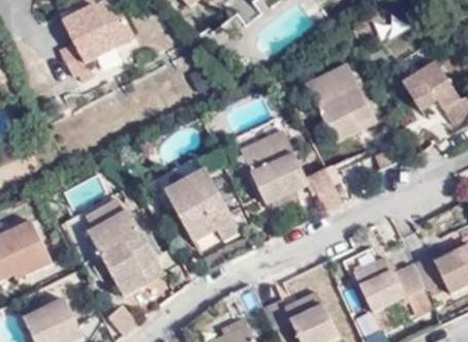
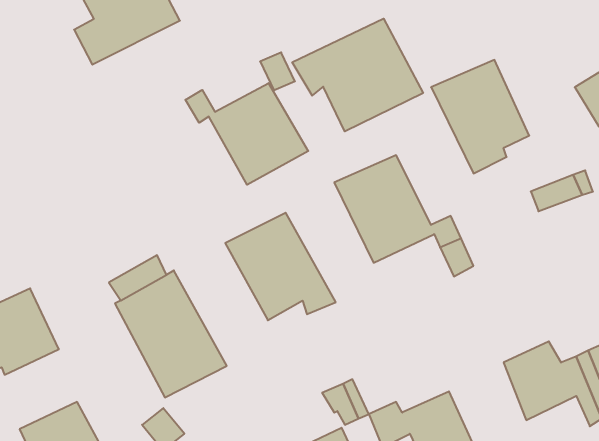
building: none -> [292,19,423,131]
building: none -> [185,83,308,185]

